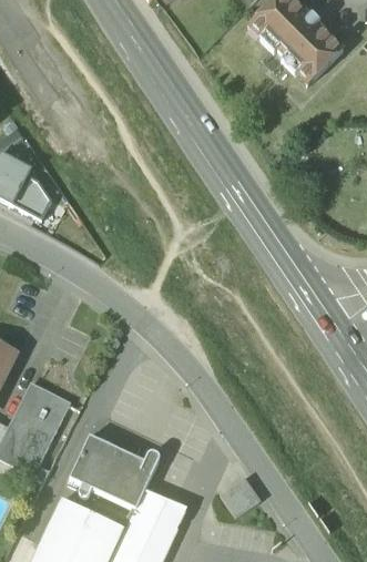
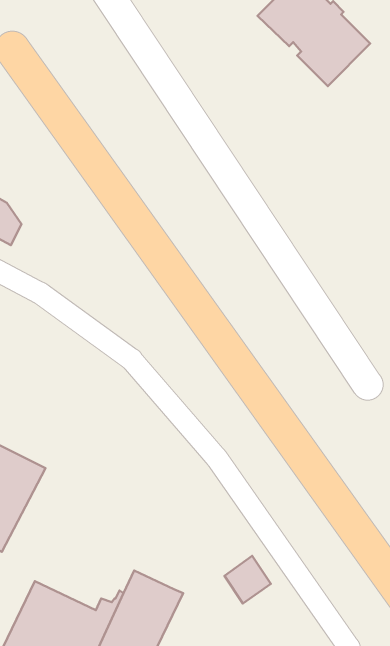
building: [70,433,161,508] -> none

